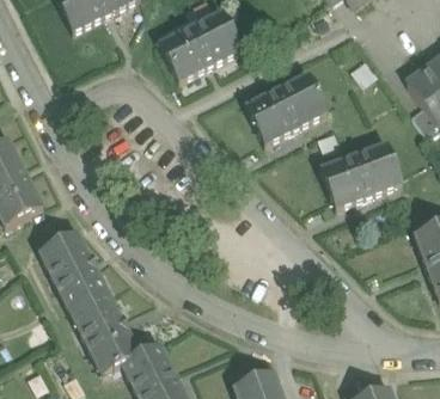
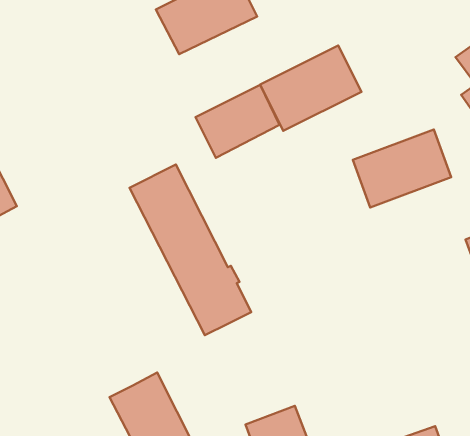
building: none -> [196,85,280,158]
building: [38,231,139,372] -> [130,165,251,335]

